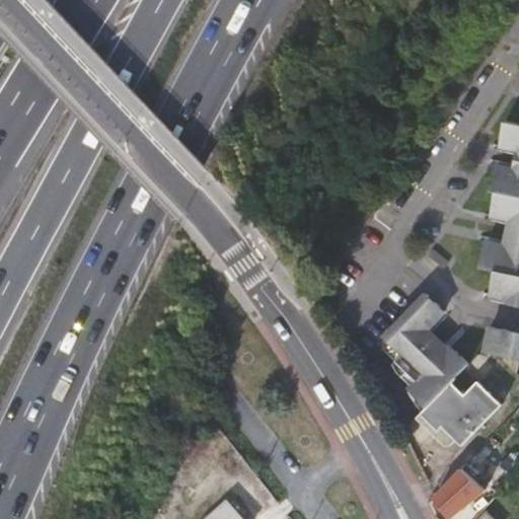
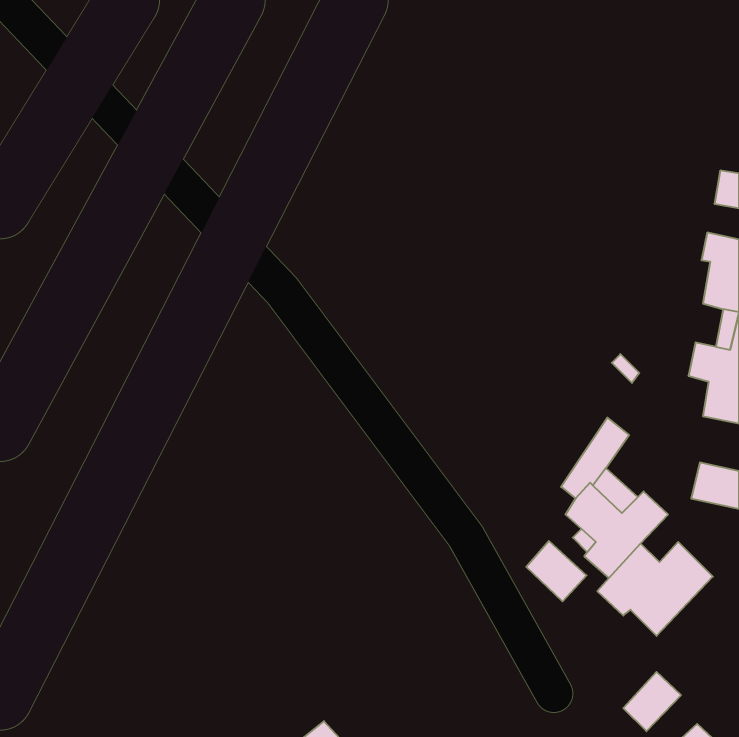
building: none -> [526,541,587,601]

